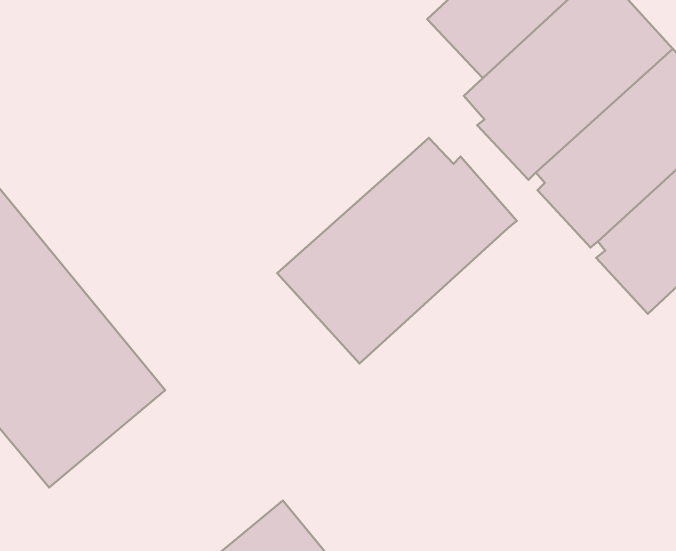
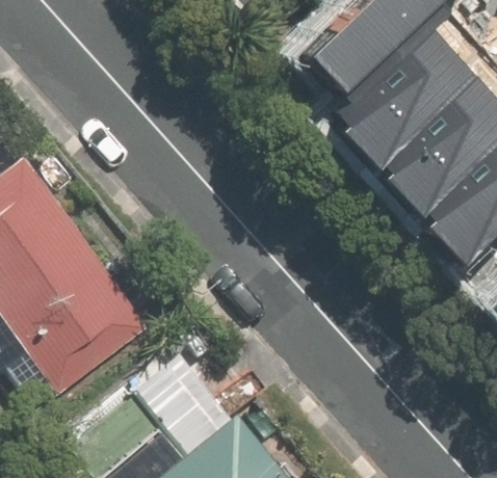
building: [277,138,517,364] -> none

